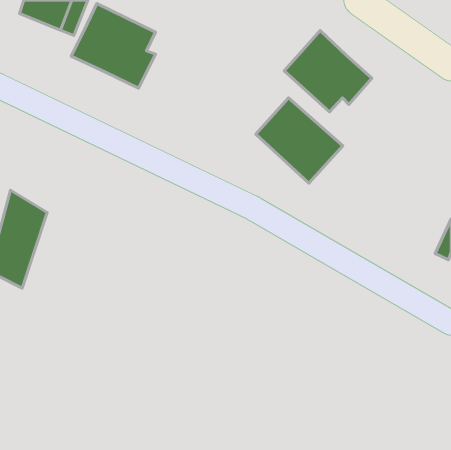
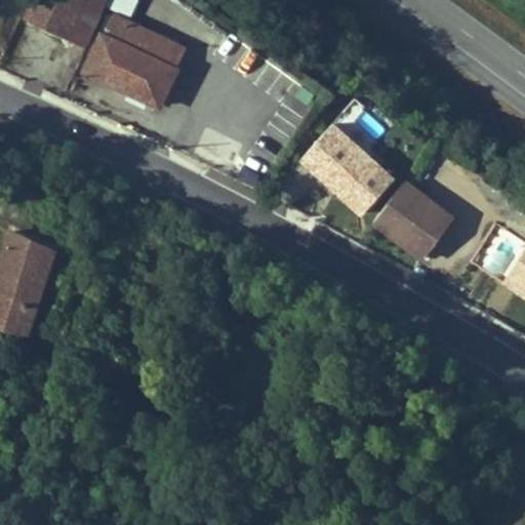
building: [284,30,372,112] -> none
building: none -> [371,192,453,272]

